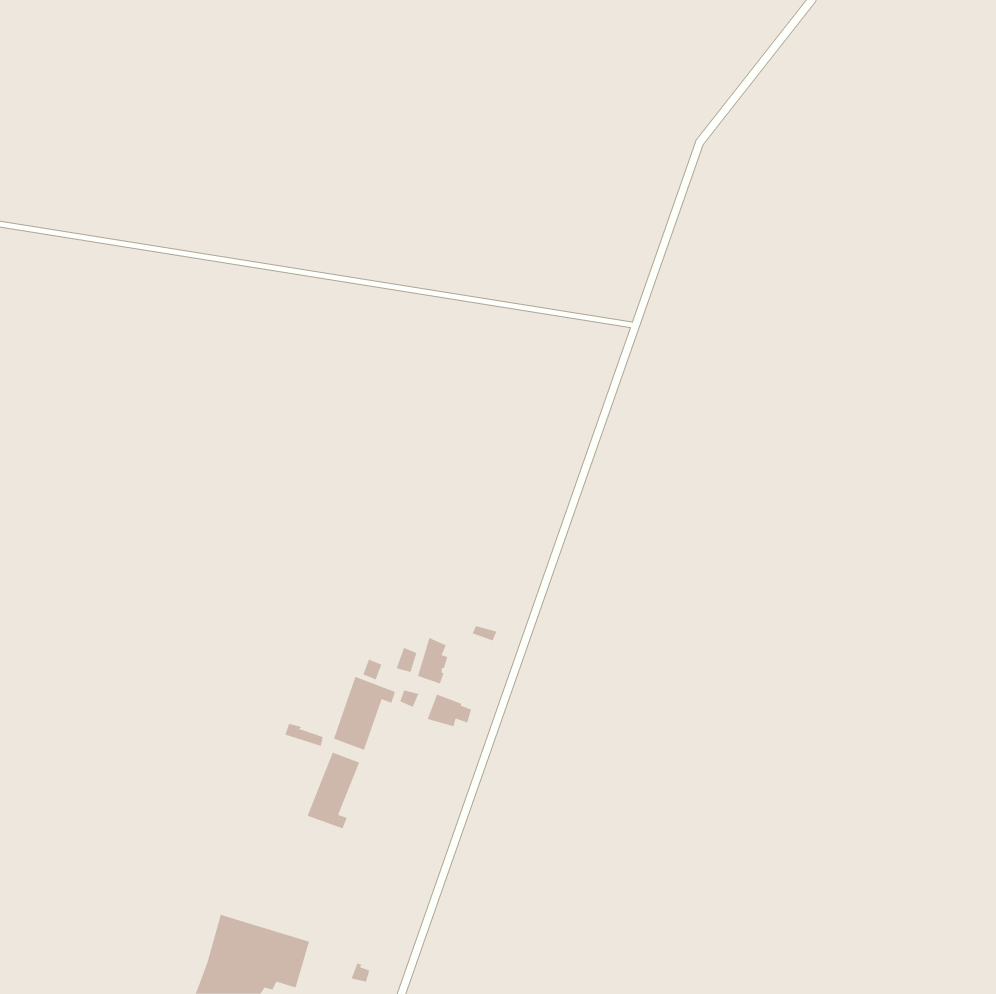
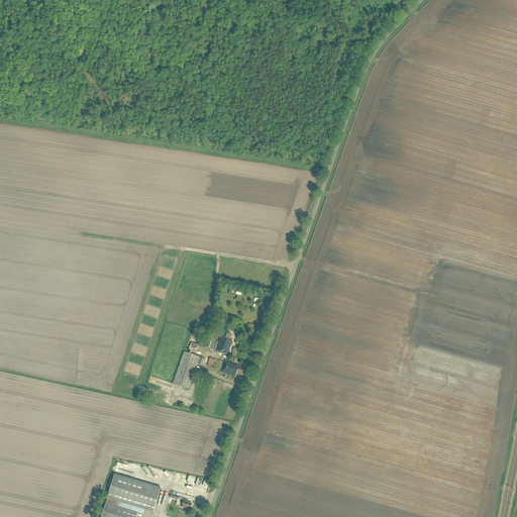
building: [307,752,360,829] -> none

